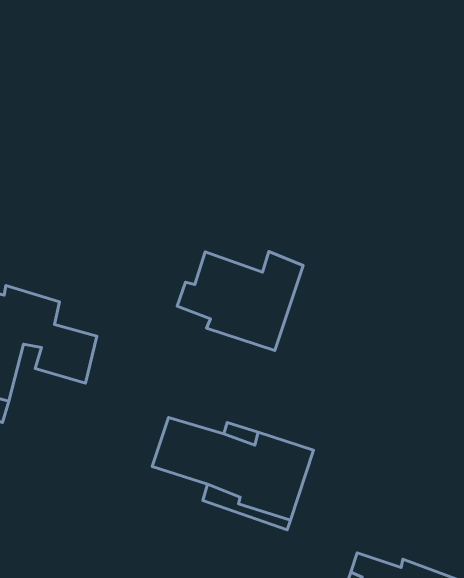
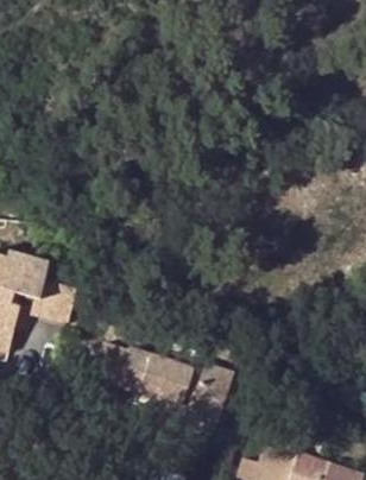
building: [177,252,303,350] -> none

